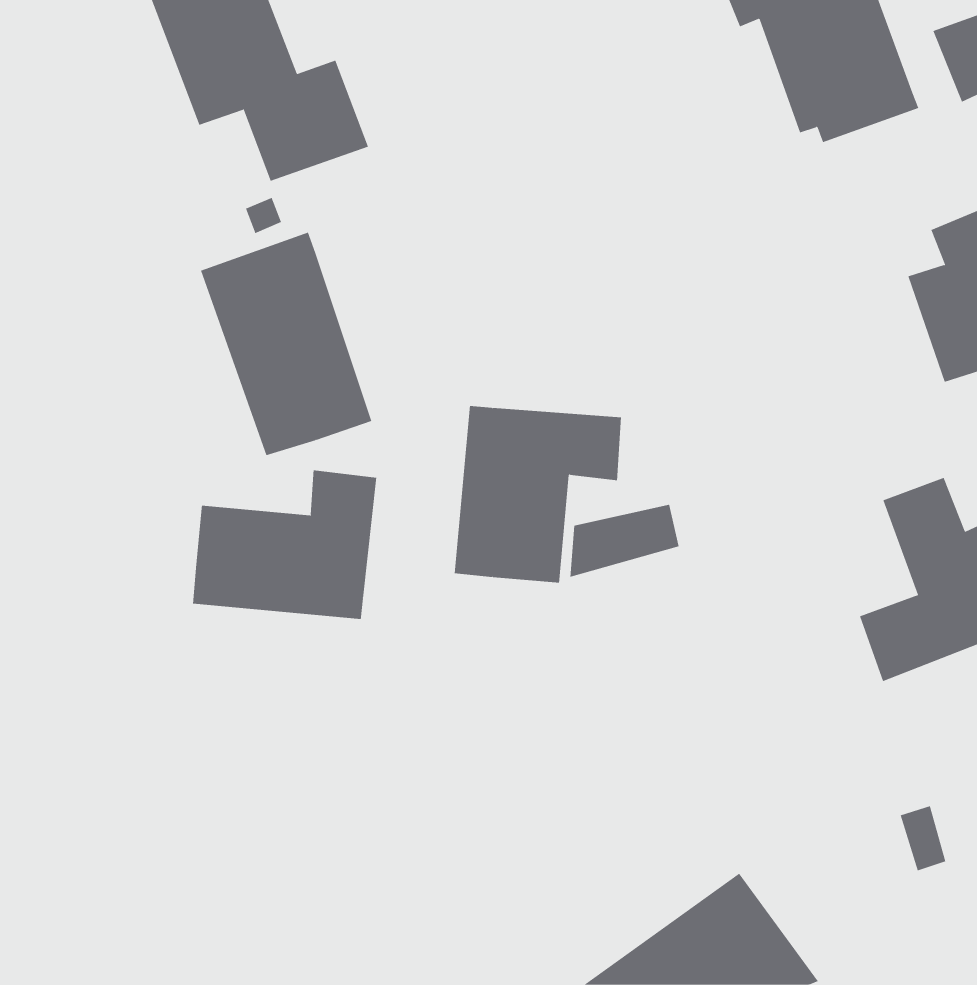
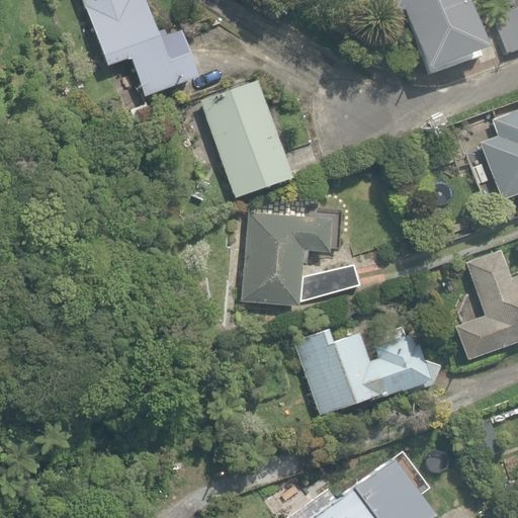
building: [200,232,372,456] -> [202,80,292,197]
building: [192,470,377,620] -> none
building: none -> [294,329,430,415]

